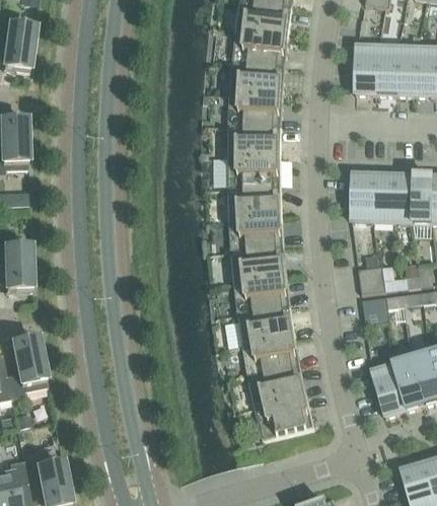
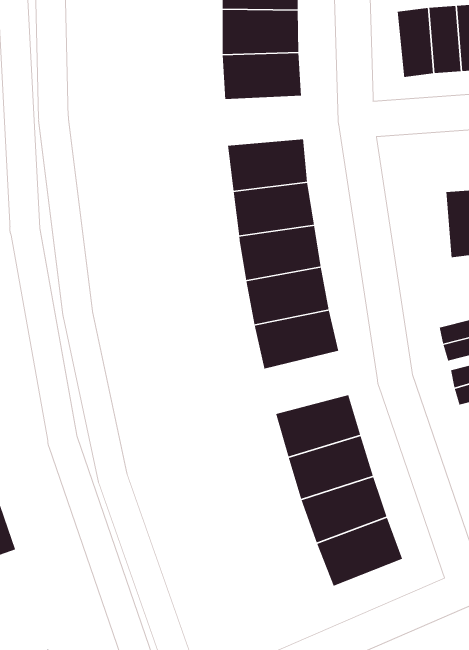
building: [227,91,283,125] -> none
building: [351,172,374,220] -> none
building: [233,275,290,312] -> none

